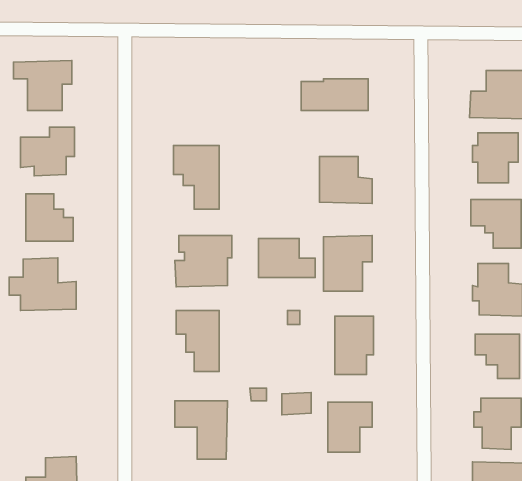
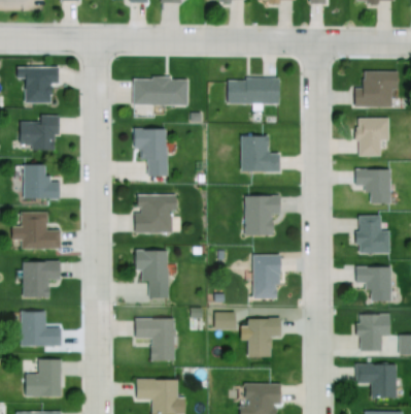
building: none -> [133,76,189,105]
building: [259,238,315,278] -> none
building: none -> [21,260,60,298]
building: none -> [21,311,61,346]

